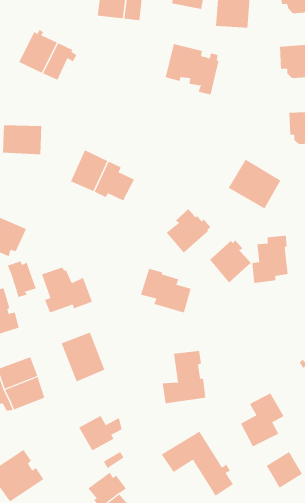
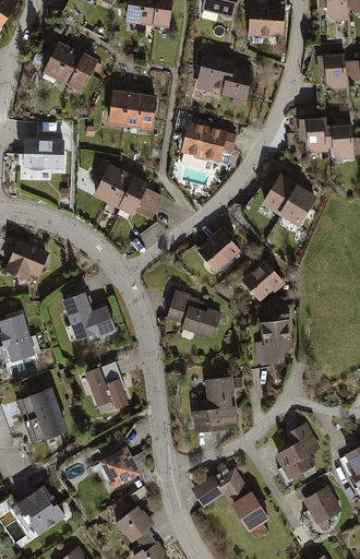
building: none -> [106,82,156,130]
building: none -> [299,117,327,154]
building: none -> [179,120,236,162]
building: [251,235,288,283] -> [253,314,292,366]
building: [7,261,36,298] -> none

